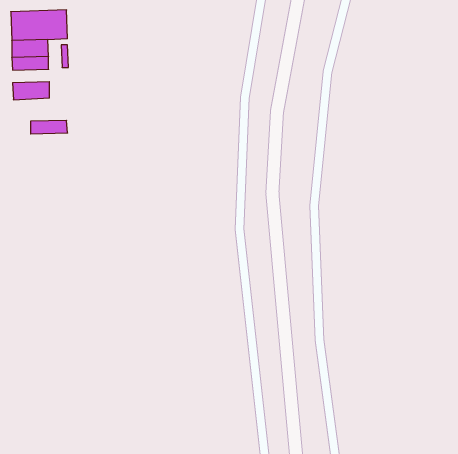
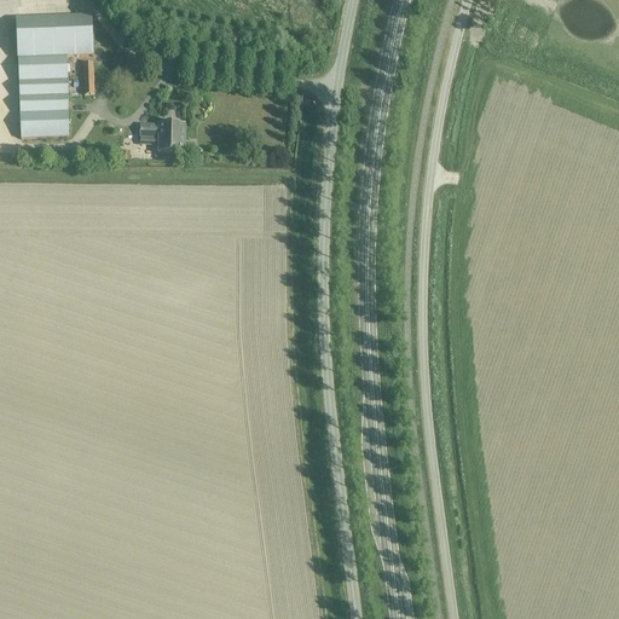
building: none -> [140,120,185,149]
building: [31,120,68,134] -> [19,93,69,111]

